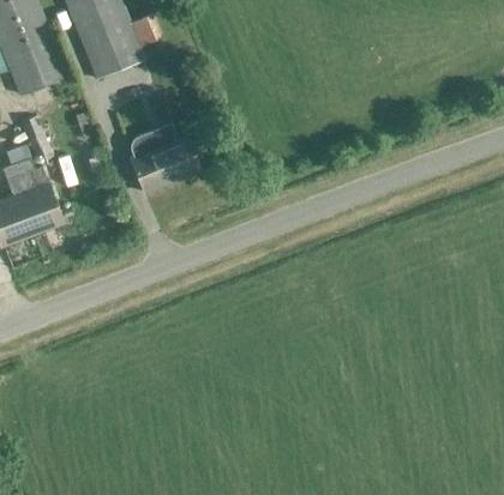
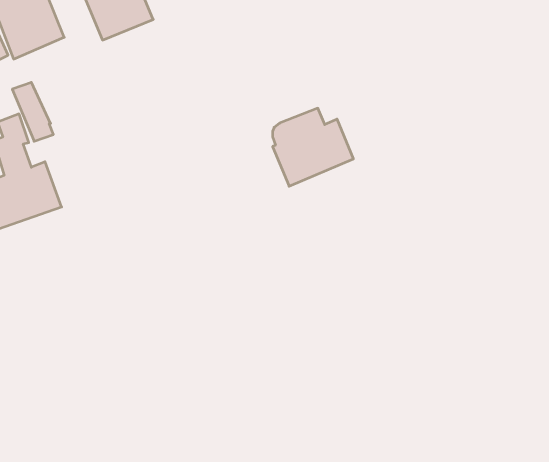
building: [130,123,200,192] -> [273,108,353,186]

